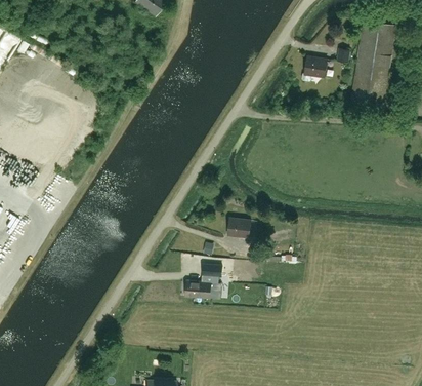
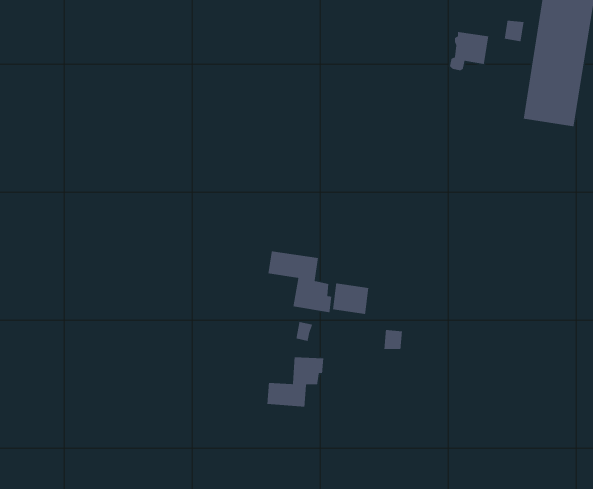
building: none -> [268,251,332,313]

